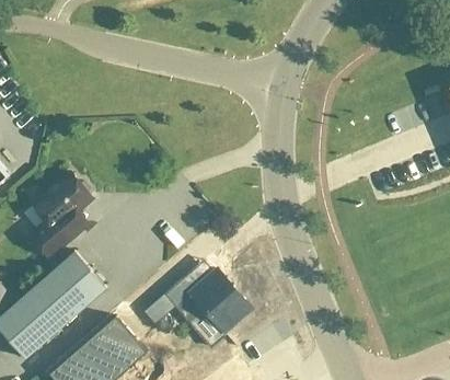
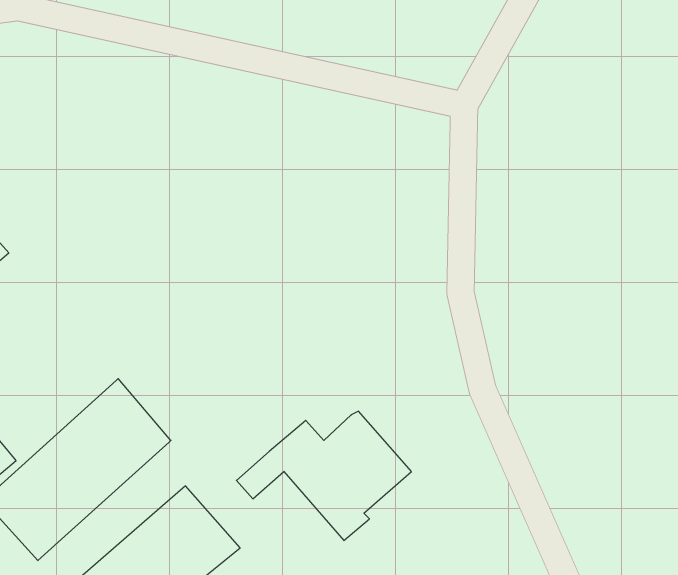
building: [28,173,91,258] -> none

